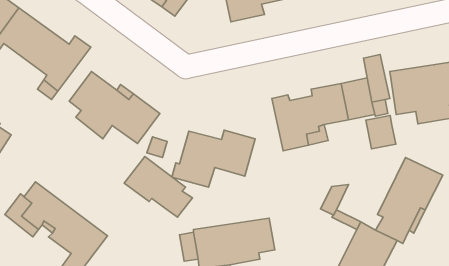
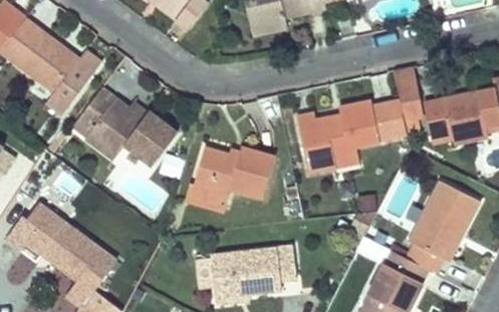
building: [366,115,396,149] -> none
building: [124,157,192,217] -> none

